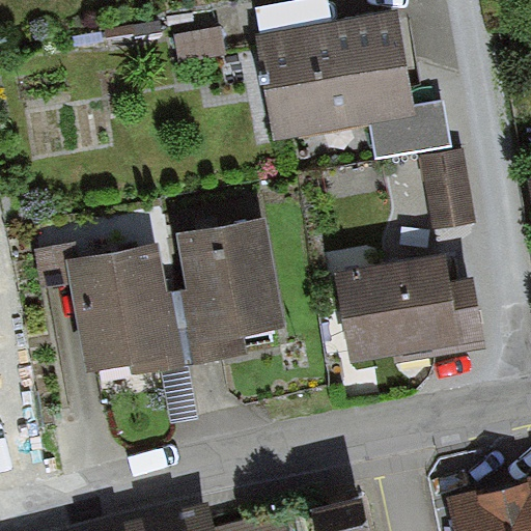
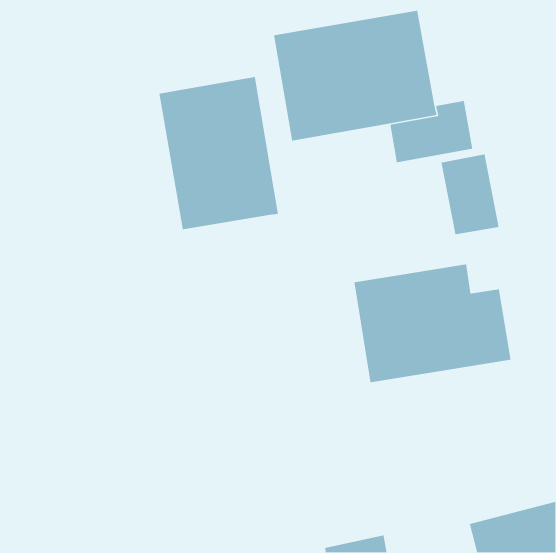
building: none -> [158,76,279,230]
building: [162,221,280,365] -> none
building: [53,248,170,391] -> none

